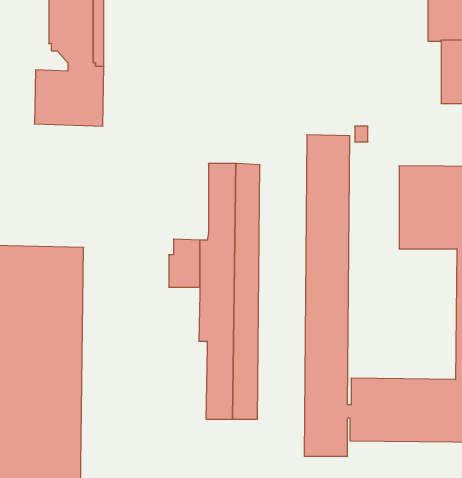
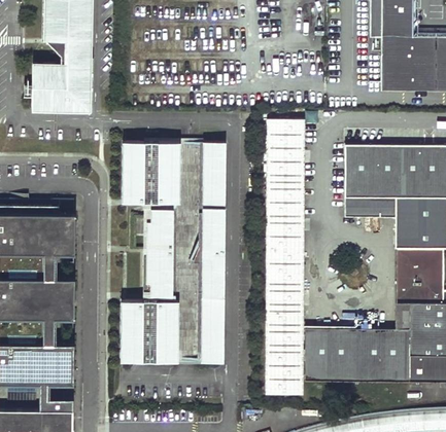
building: none -> [126,141,181,202]
building: none -> [146,254,174,294]
building: none -> [125,300,180,361]

